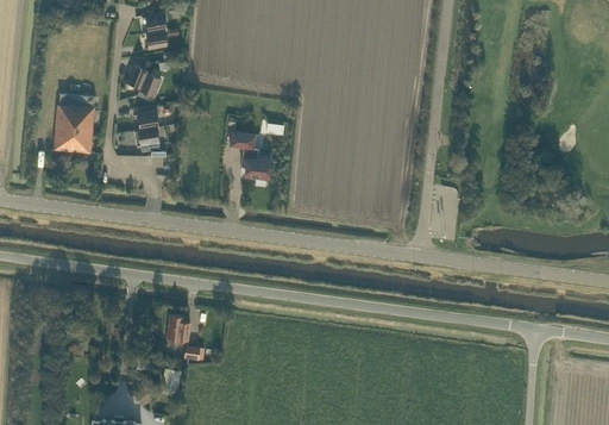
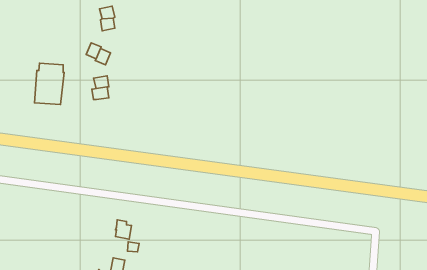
building: [230,132,271,180] -> none

